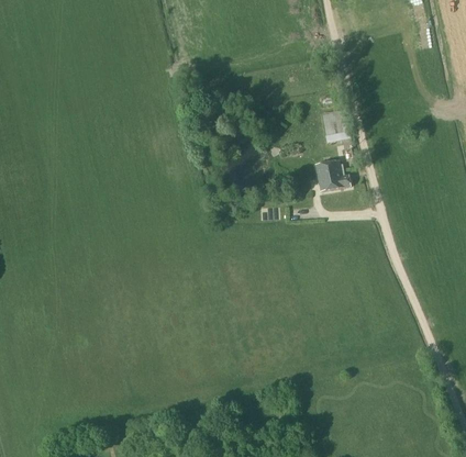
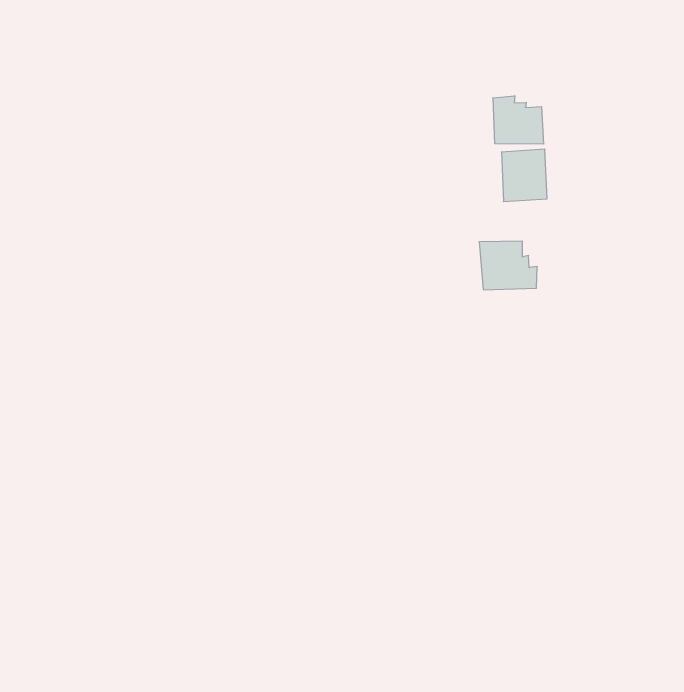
building: none -> [493,96,543,144]

